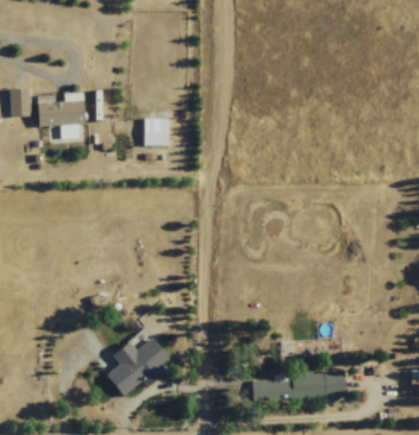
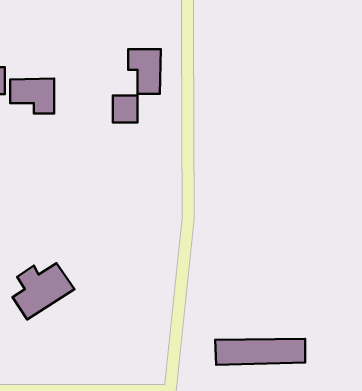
building: none -> [128,49,161,94]
building: [106,338,171,397] -> [13,263,74,320]

